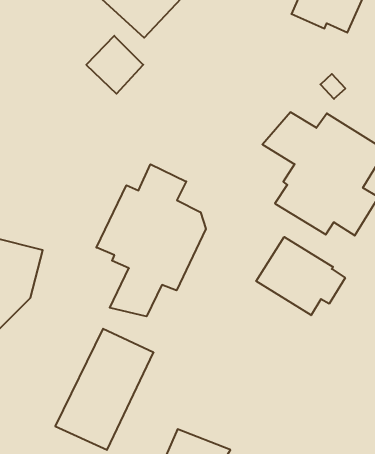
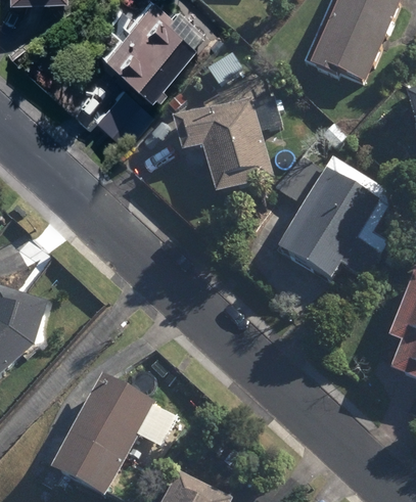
building: none -> [172,103,265,196]
building: [96,164,206,316] -> none
building: [256,237,345,315] -> none

